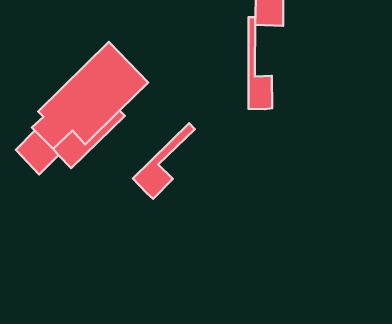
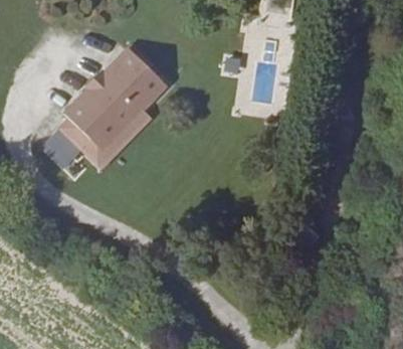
building: [249,17,272,109] -> none
building: [133,123,195,199] -> none

